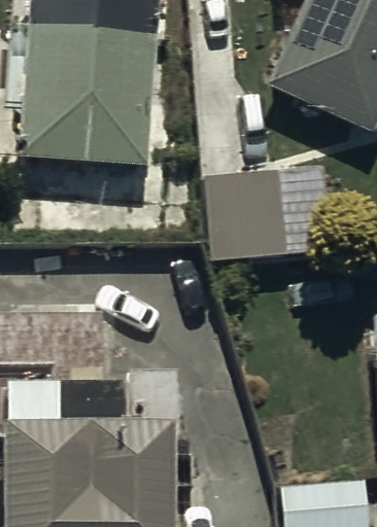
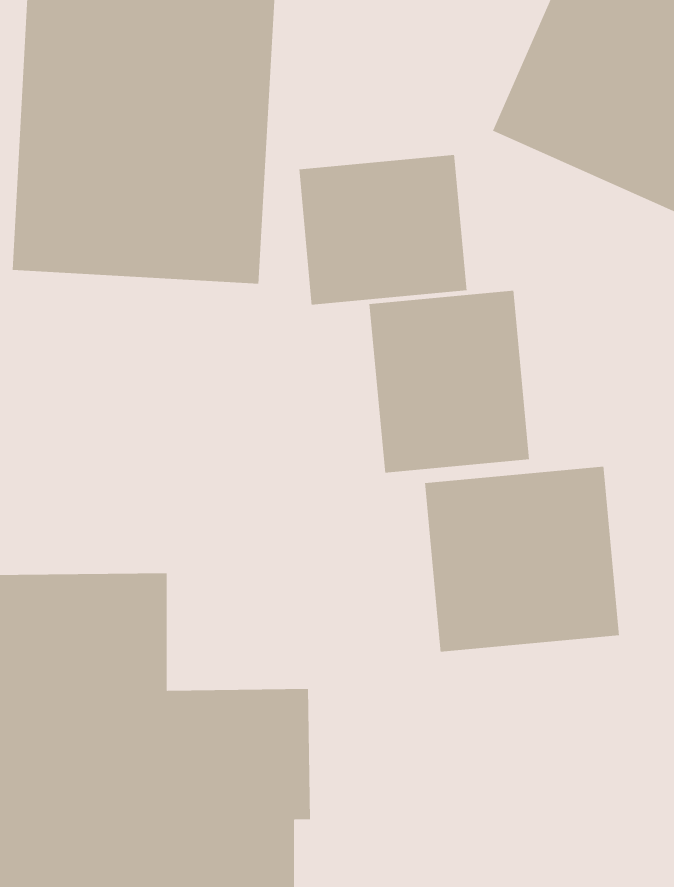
building: none -> [299,154,467,305]
building: none -> [425,466,620,653]

